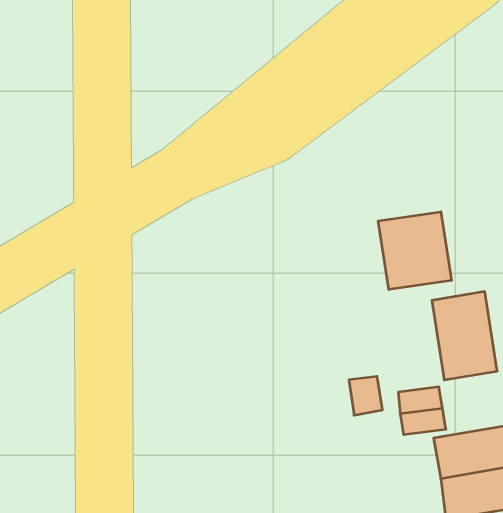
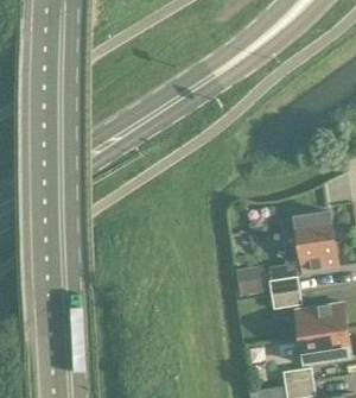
building: [378,212,452,290] -> none

